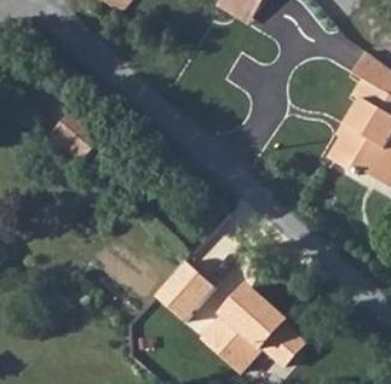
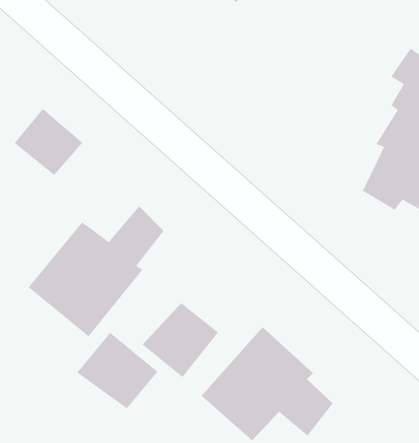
building: none -> [28,206,164,337]
building: none -> [77,332,158,409]

